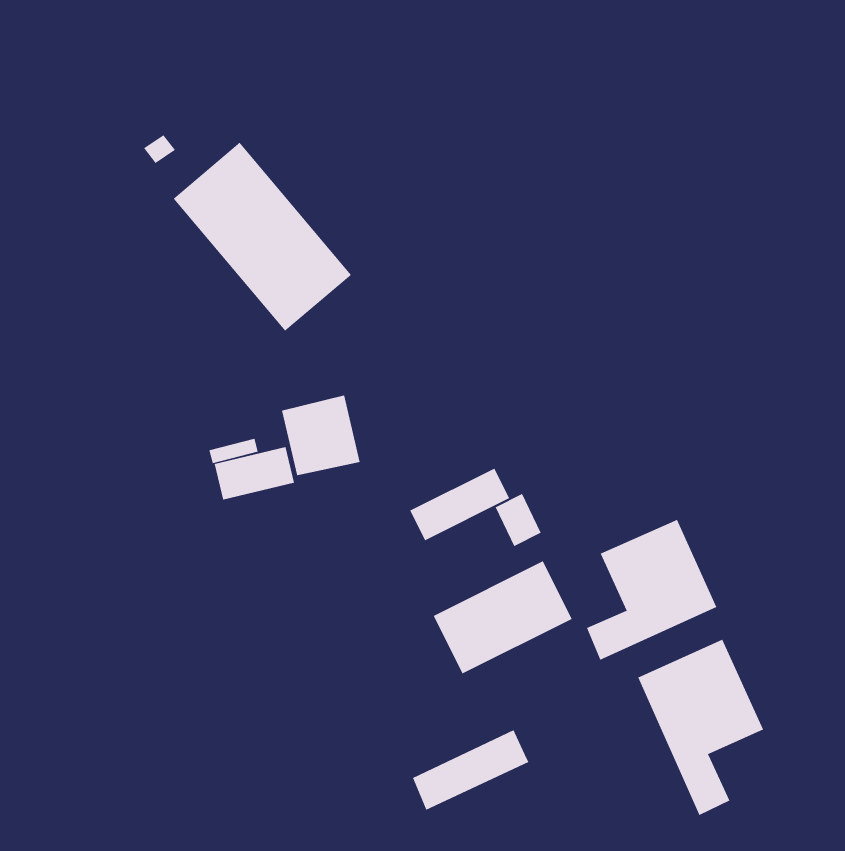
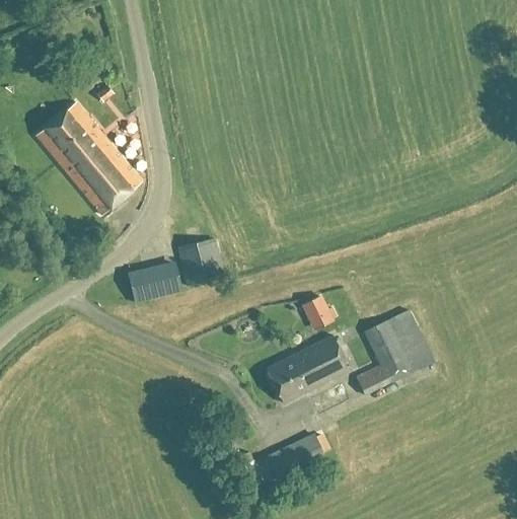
building: [173,142,352,332] -> [36,101,142,213]
building: [410,468,510,541] -> none
building: [637,639,764,816] -> none

